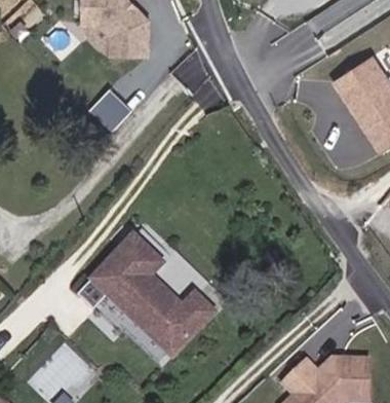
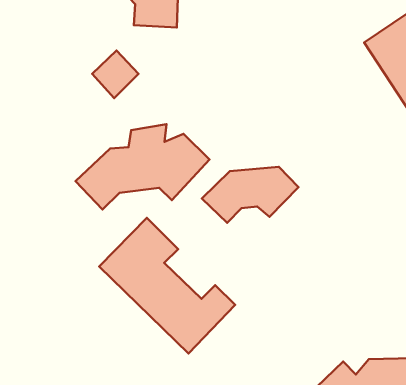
building: none -> [75,124,209,210]
building: none -> [202,167,299,223]

